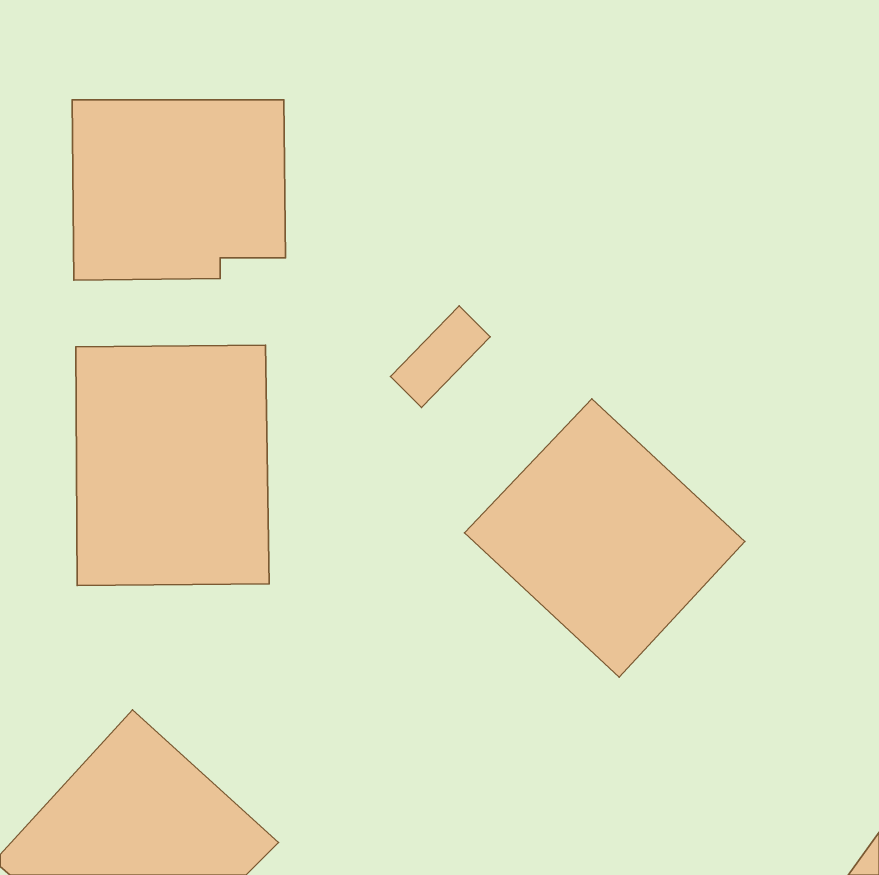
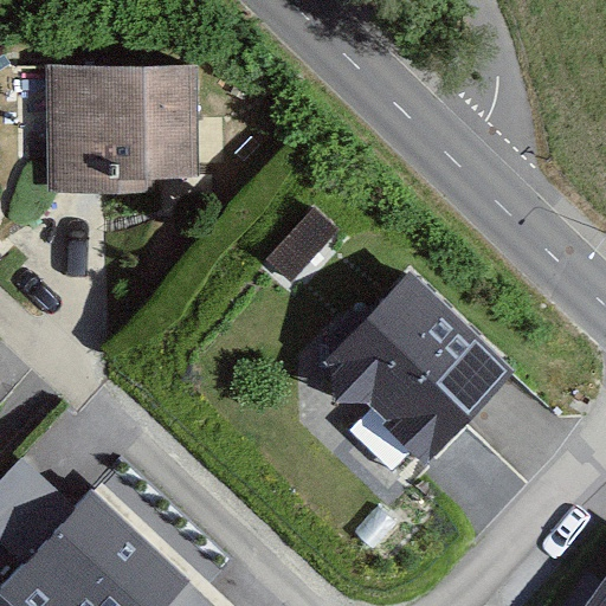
building: [76,345,269,586] -> none

